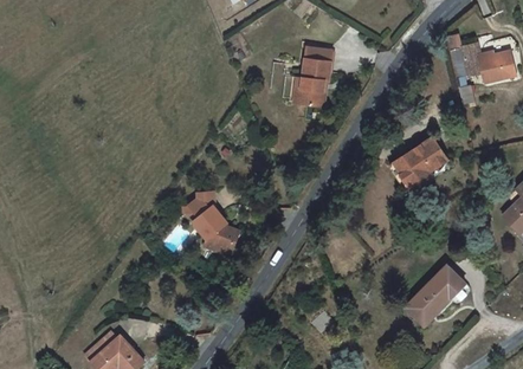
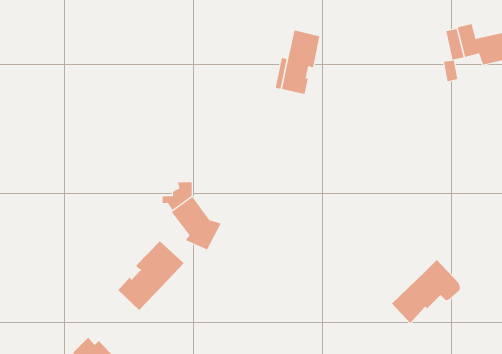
building: [389,140,444,193] -> none
building: none -> [118,241,185,311]

